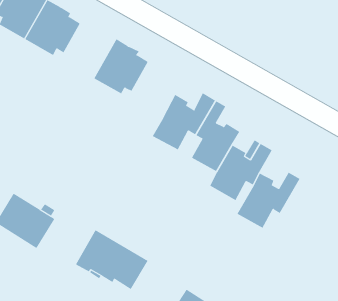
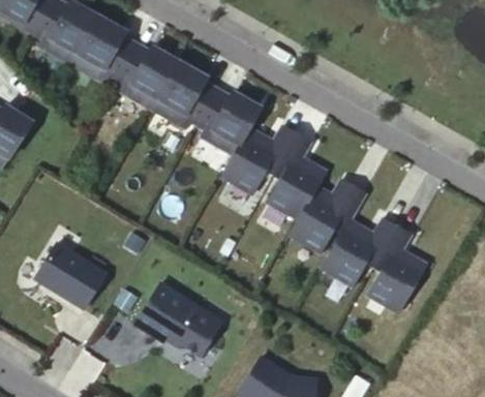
building: none -> [117,42,179,108]
building: none -> [198,88,260,154]
building: none -> [368,226,426,312]

